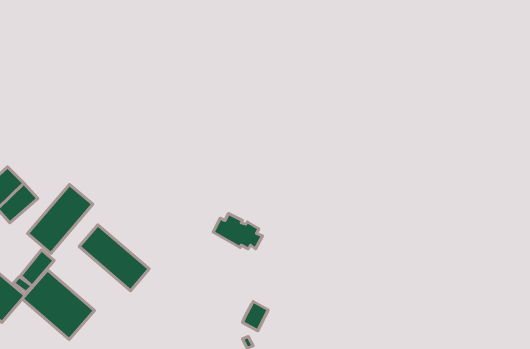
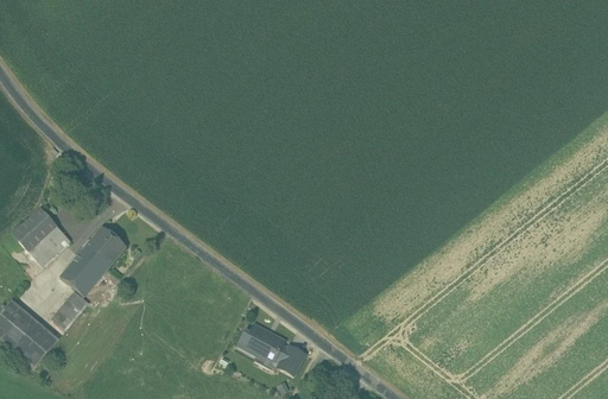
building: [213,214,262,249] -> [238,324,287,360]
building: [79,225,149,291] -> none
building: [22,270,94,340] -> none

